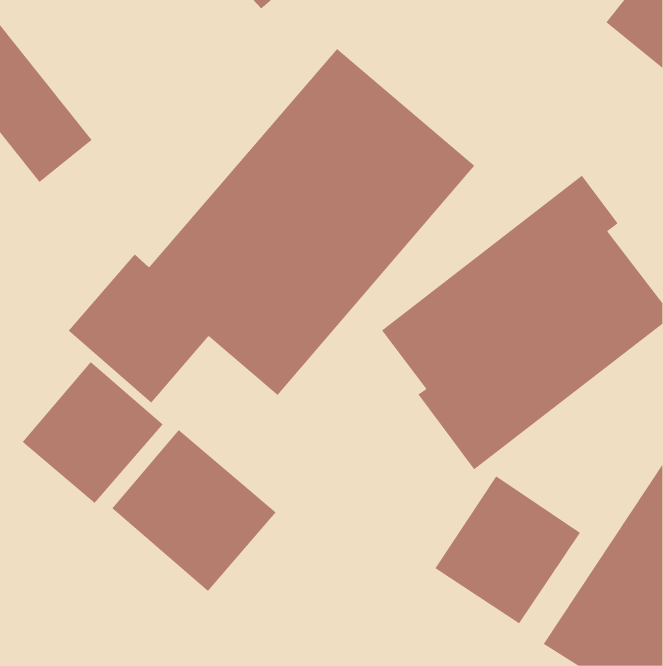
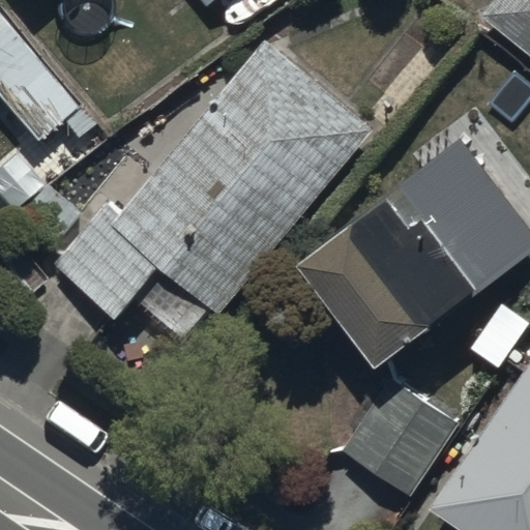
building: [22,361,163,504] -> none
building: [111,429,277,592] -> none

